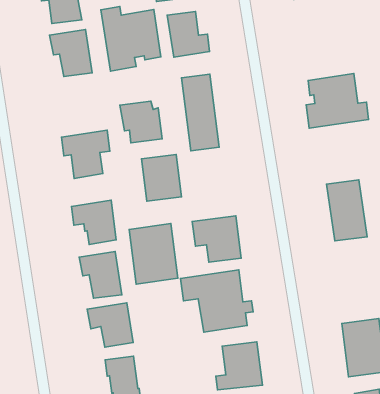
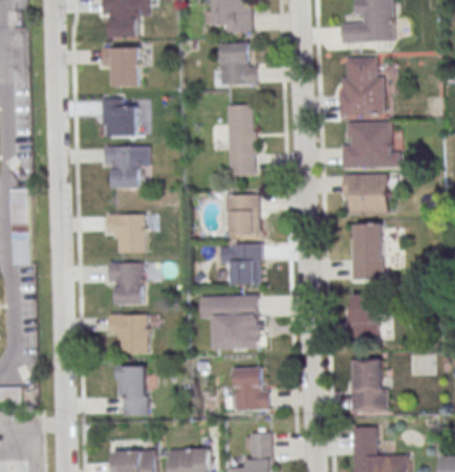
building: [101,6,161,71] -> none
building: none -> [338,58,384,116]
building: [120,101,162,143] -> [100,99,136,136]
building: none -> [343,175,387,215]
building: [141,155,182,201] -> [224,193,258,234]
building: [129,224,178,284] -> none
building: none -> [348,293,378,337]

